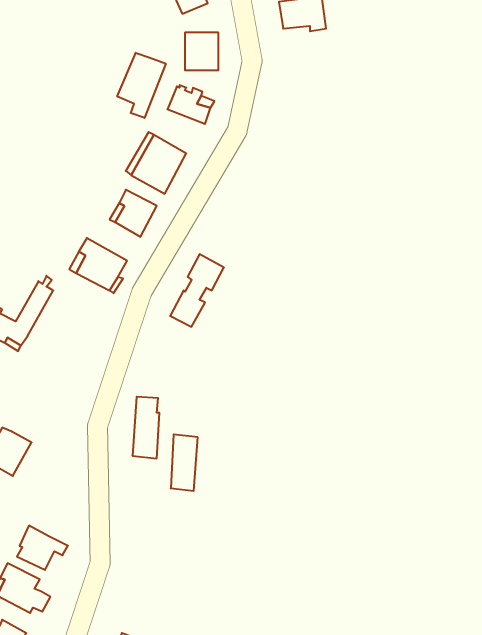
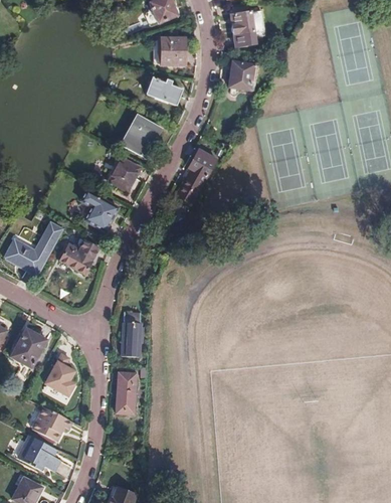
building: [117,53,166,118] -> none
building: none -> [229,62,254,96]
building: [170,254,224,327] -> [176,148,216,202]
building: none -> [60,239,99,273]
building: [171,434,198,491] -> [117,371,137,413]
building: none -> [46,354,76,396]

